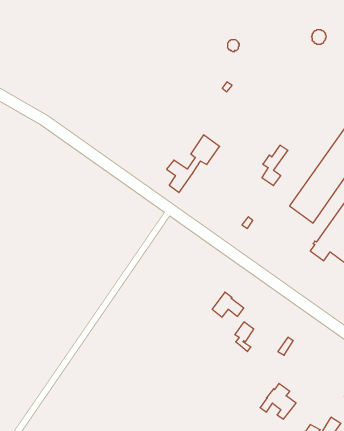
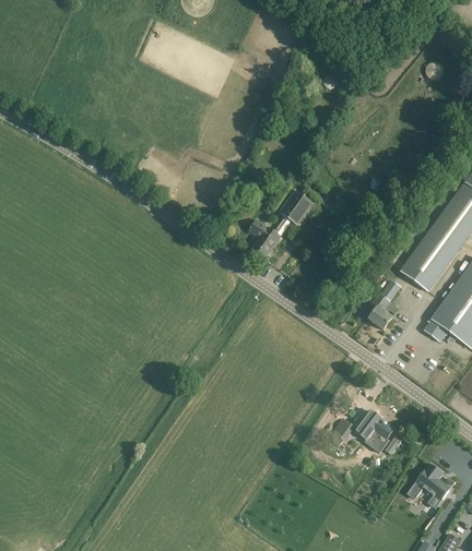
building: [262,145,288,186] -> [368,279,400,328]
building: [212,292,244,317] -> [354,409,392,440]
building: [260,383,296,419] -> [406,463,450,506]

